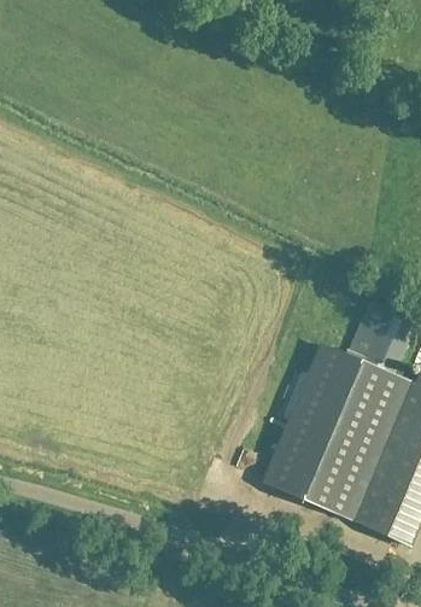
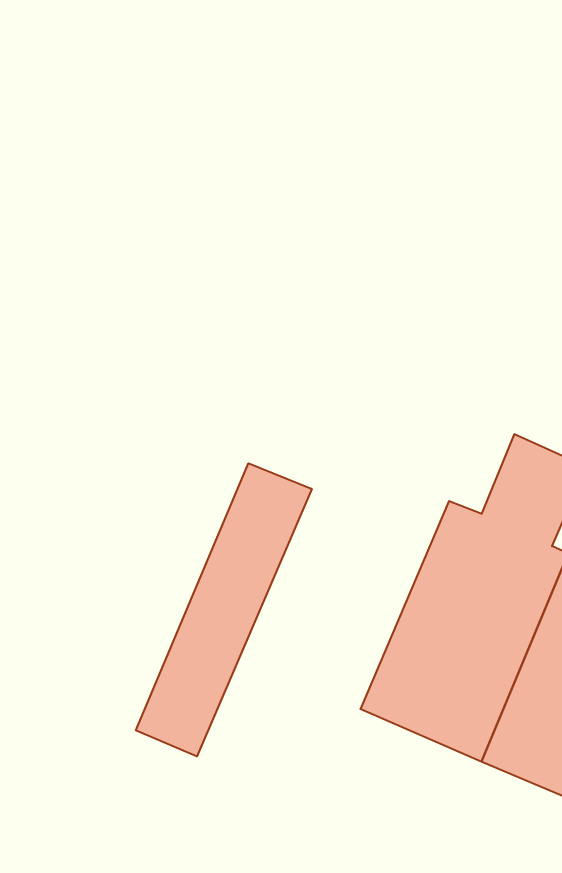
building: none -> [136,463,312,756]

